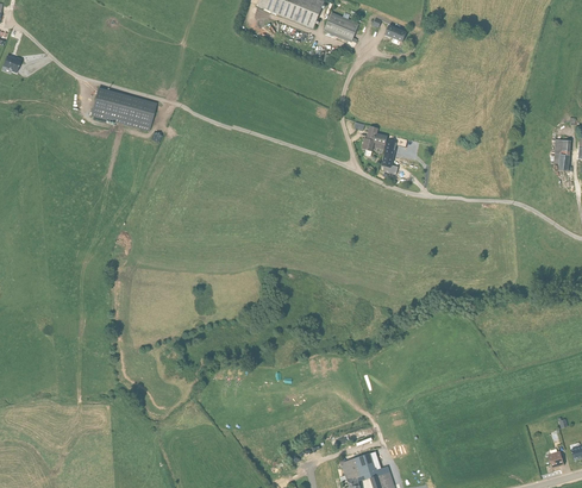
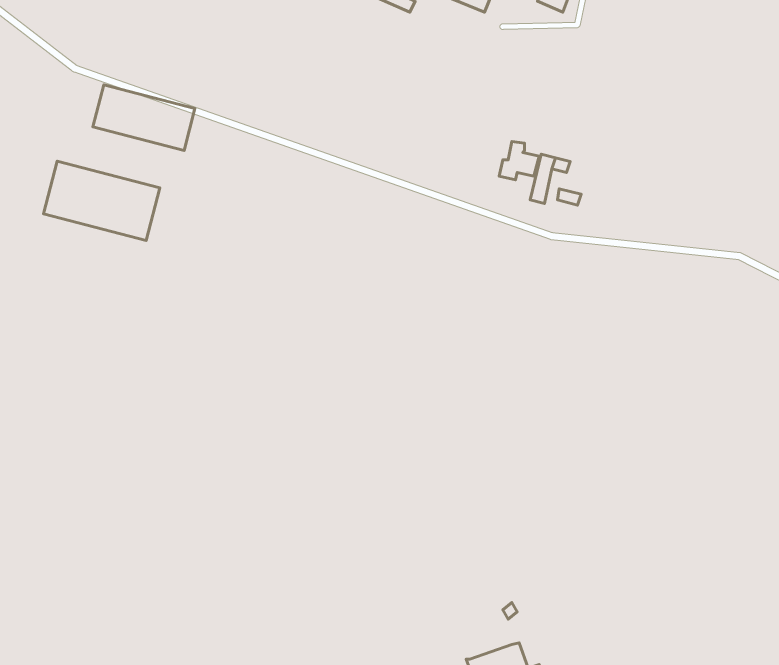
building: none -> [44,161,160,240]

